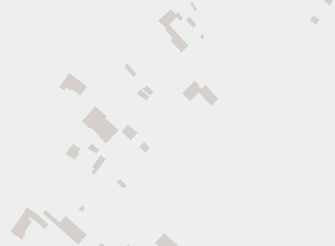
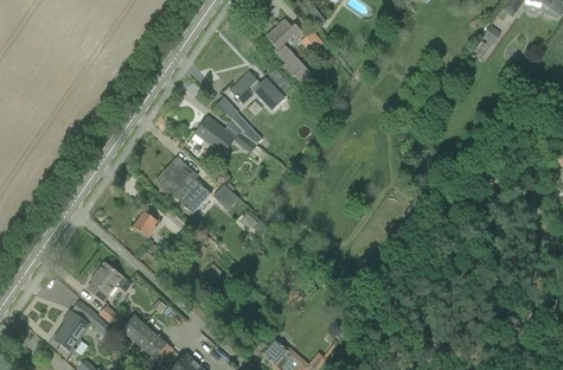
building: [58,72,88,97] -> [191,116,233,152]
building: [181,80,219,106] -> [230,71,283,109]
building: none -> [88,262,122,300]

